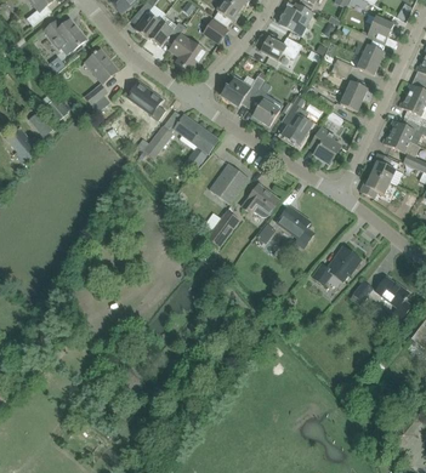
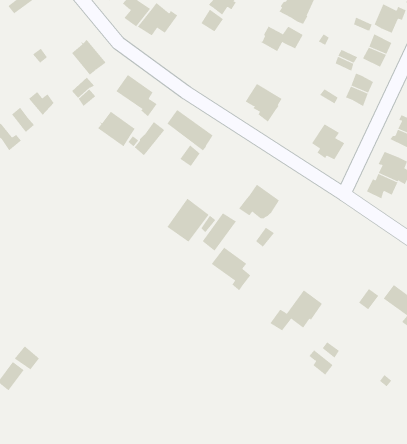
building: [44,19,85,50] -> none
building: [169,34,206,72] -> none
building: [221,72,266,107] -> none
building: [282,96,311,144] -> none
building: none -> [97,111,136,147]
building: [209,163,249,204] -> [167,198,210,242]
building: [276,206,313,247] -> [211,247,251,291]
building: [311,245,360,284] -> [269,289,323,331]

